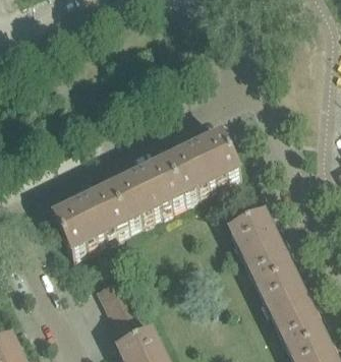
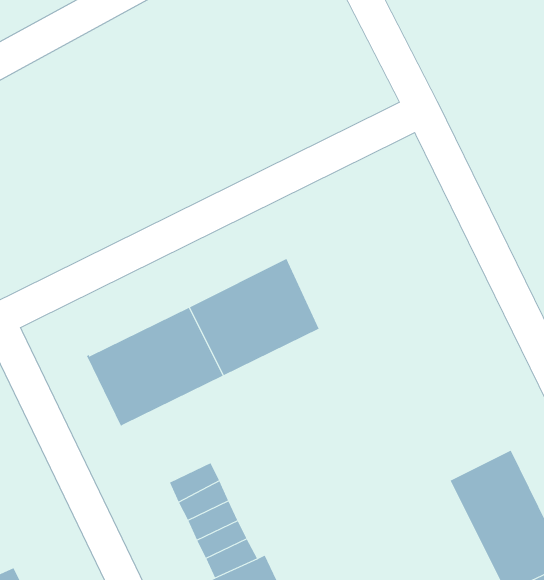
building: [164,131,238,197] -> none
building: [227,207,290,283] -> none

